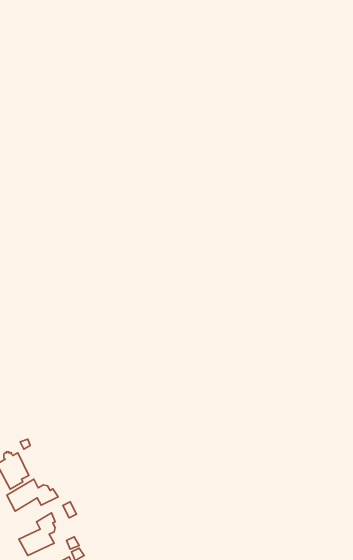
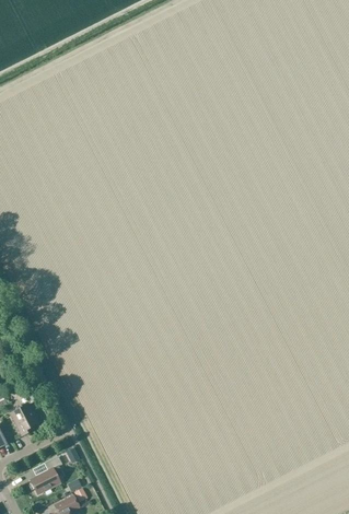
building: [7,479,58,511] -> none

